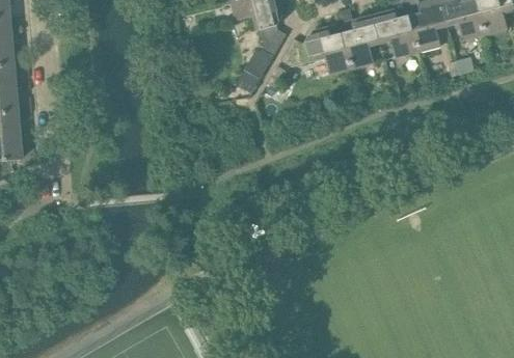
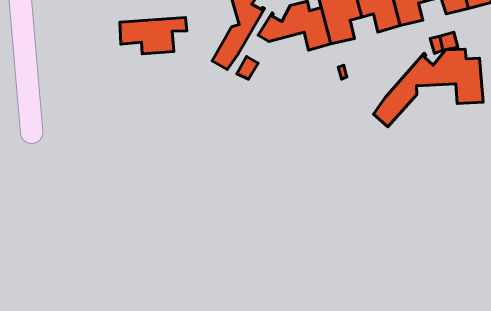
building: none -> [120,17,187,54]
building: none -> [373,49,483,127]

